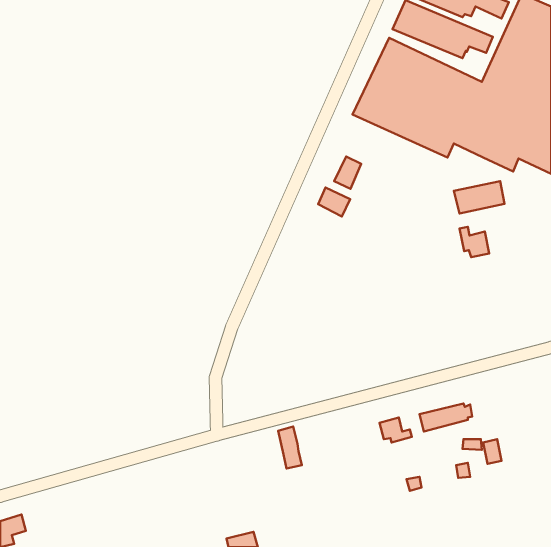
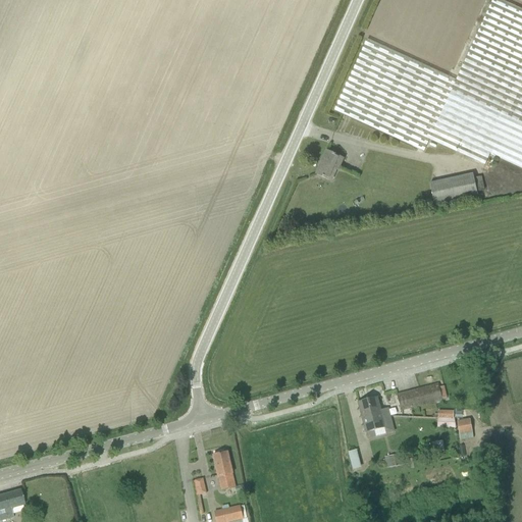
building: [318,187,350,217] -> none
building: [459,227,489,257] -> none
building: [278,426,302,469] -> [213,448,236,487]
building: none -> [363,413,394,435]

